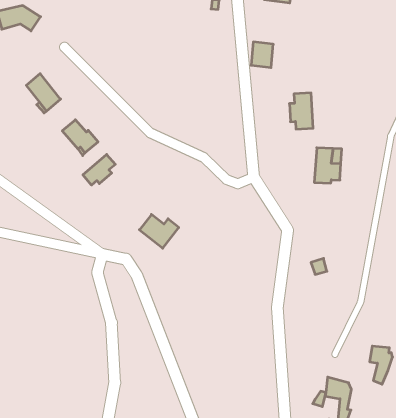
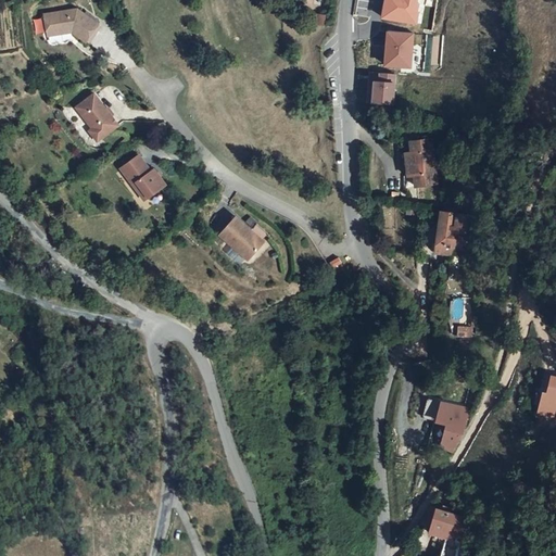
building: none -> [383,28,416,68]
building: [83,154,115,185] -> none
building: [139,214,179,248] -> [216,218,266,262]
building: [370,346,393,384] -> [437,404,466,453]

